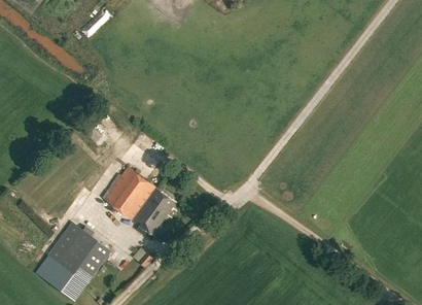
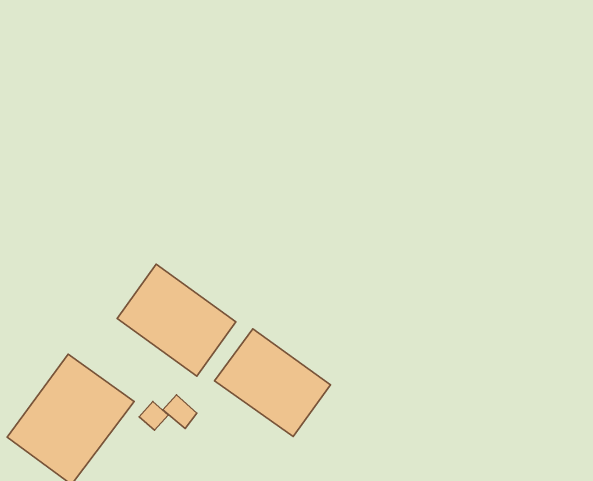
building: none -> [214,329,331,437]

